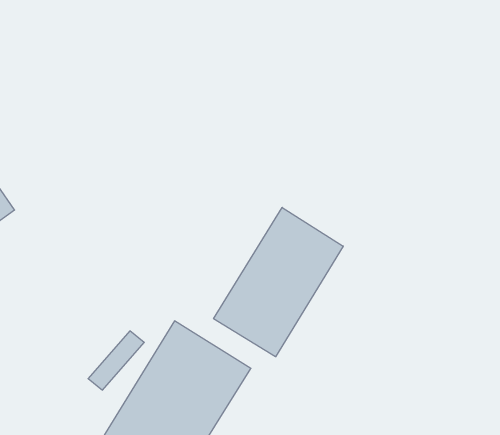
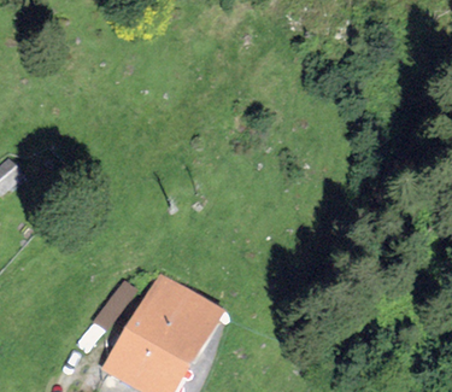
building: [214,207,343,357] -> none

